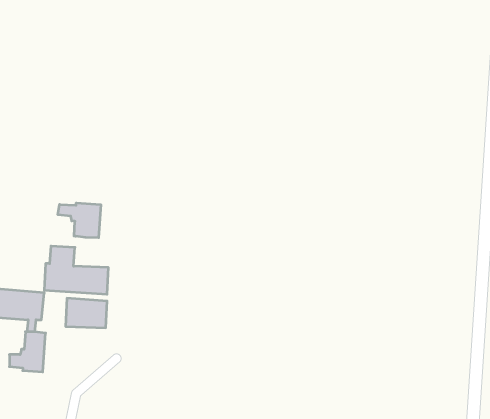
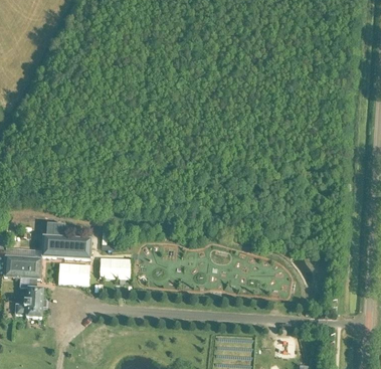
building: [58,203,101,238] -> none
building: none -> [99,255,130,278]

